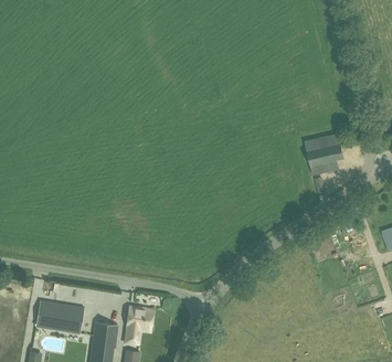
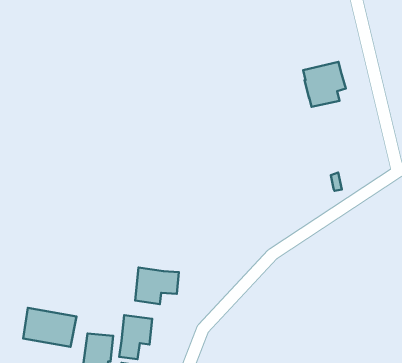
building: [305,132,343,173] -> [303,62,346,107]
building: none -> [135,268,179,304]

